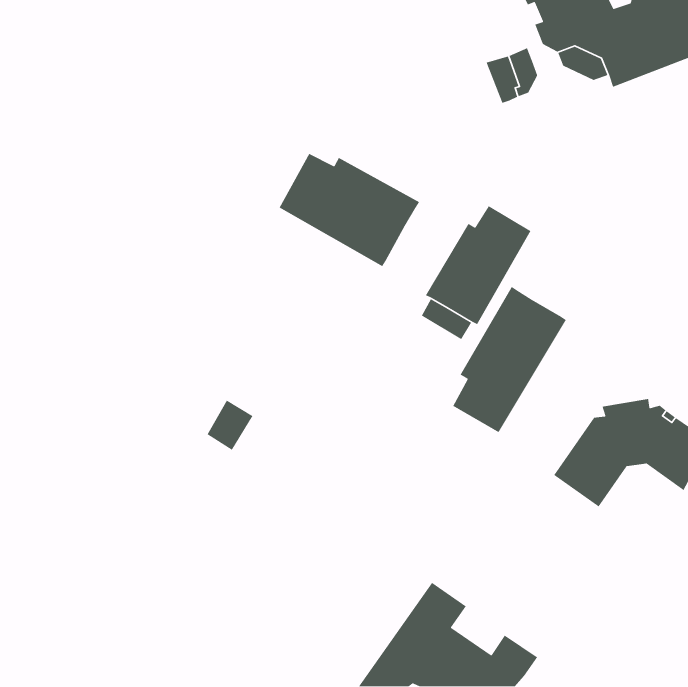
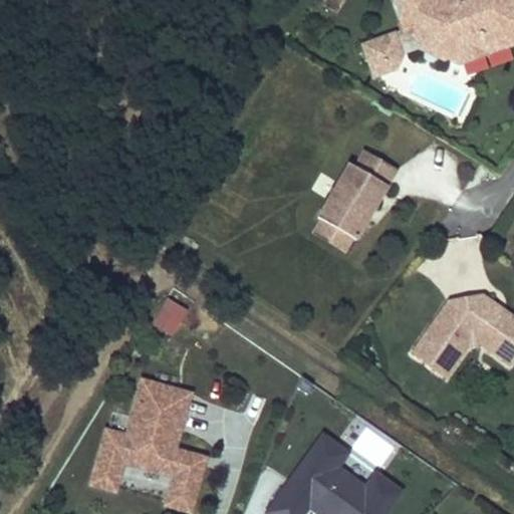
building: [278,153,420,267] -> none
building: [452,286,567,433] -> none
building: none -> [93,372,206,504]

